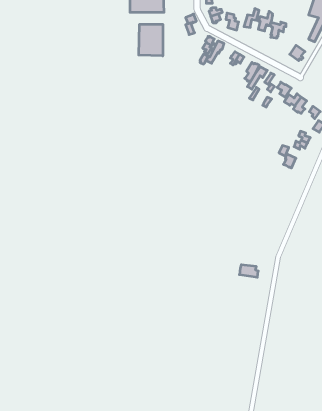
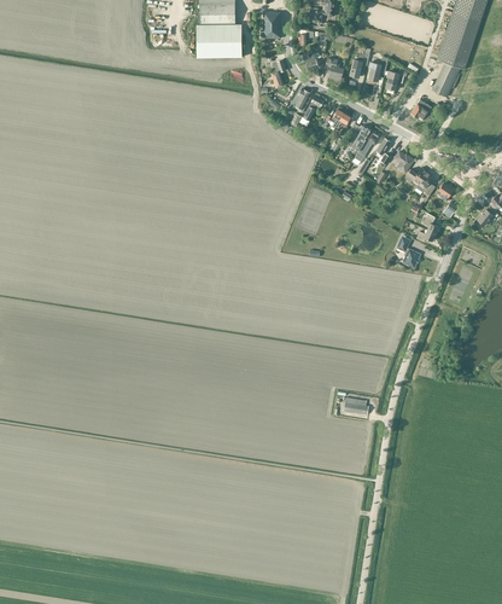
building: [139,24,163,56] -> none

